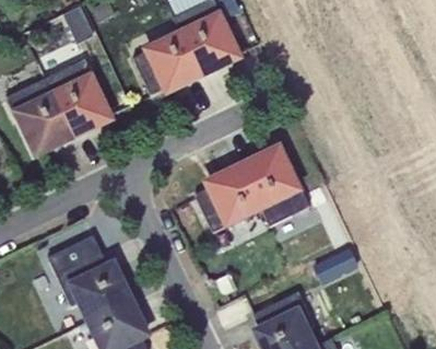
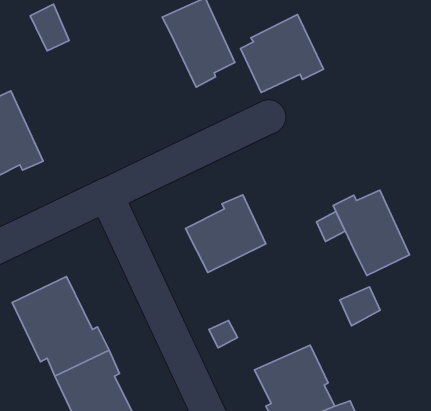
building: [133,30,203,95] -> [240,15,323,92]
building: [47,61,109,138] -> none
building: [243,153,307,225] -> [333,190,410,276]

